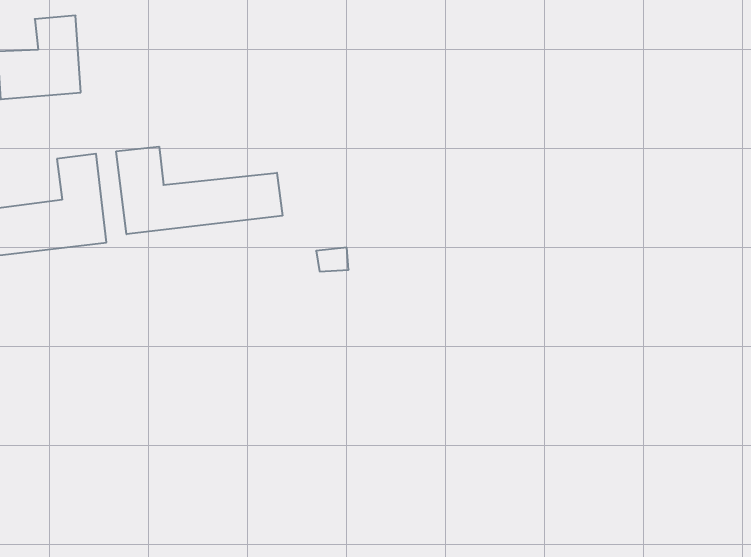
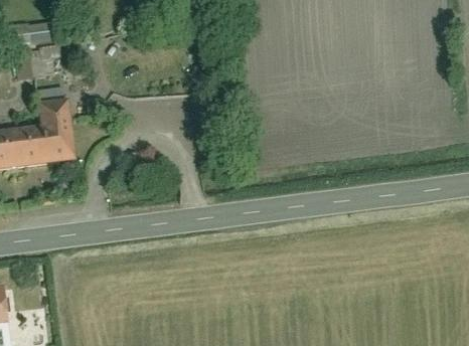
building: [116,147,282,234] -> none

